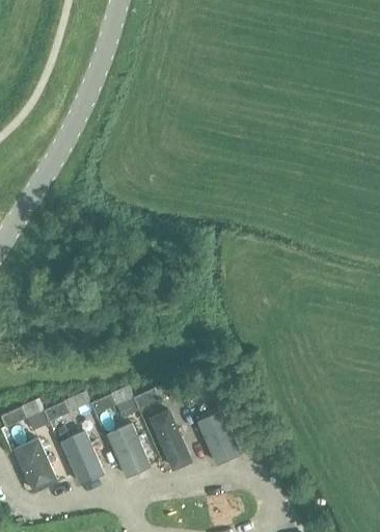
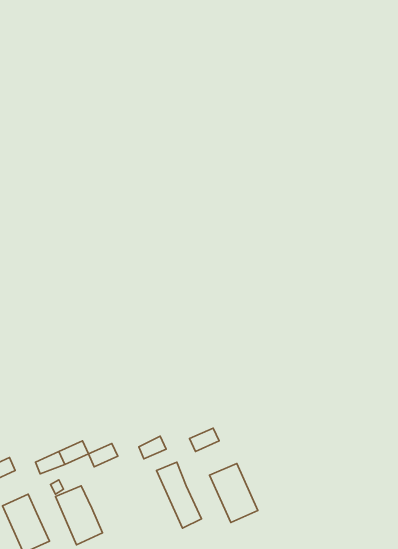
building: [107,424,150,476] -> none

